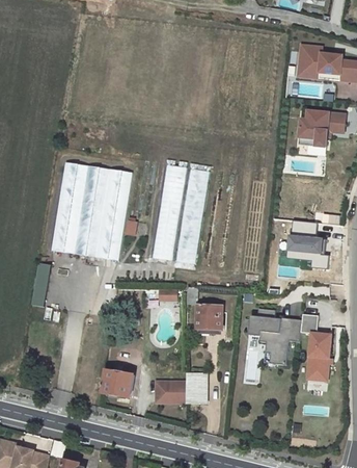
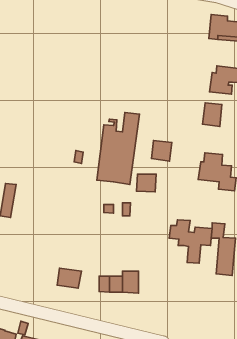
building: none -> [203,103,222,126]
building: [50,160,131,259] -> none
building: none -> [151,141,172,161]
building: [198,306,223,329] -> [137,174,156,192]

